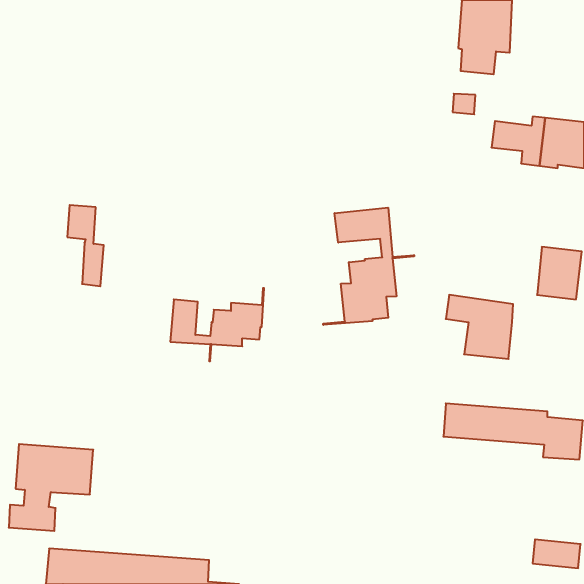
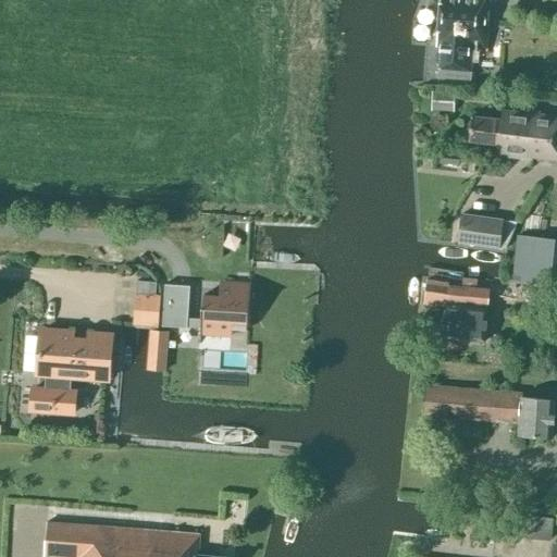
building: [67,205,104,286] -> [133,294,168,371]
building: [323,208,414,325] -> none
building: none -> [456,213,517,248]
building: [9,444,93,531] -> [30,331,111,413]

